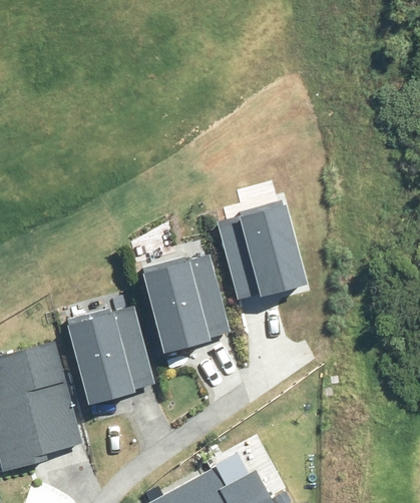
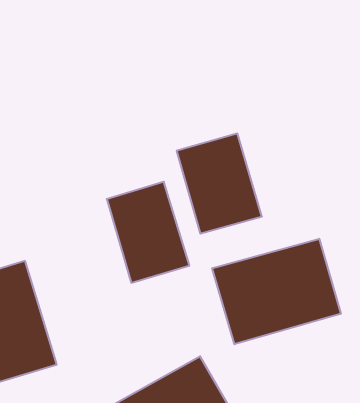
building: [69,299,161,413] -> none
building: none -> [212,239,341,344]

